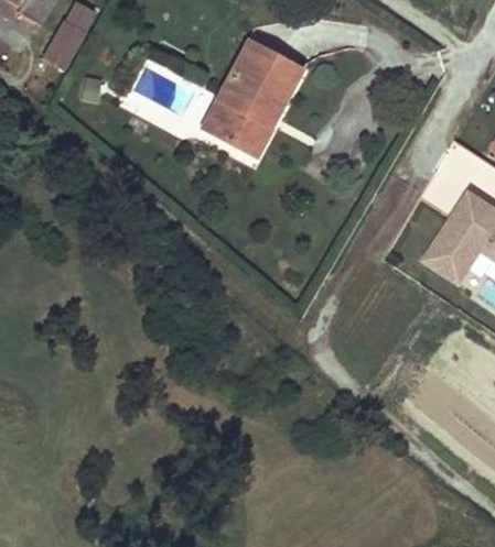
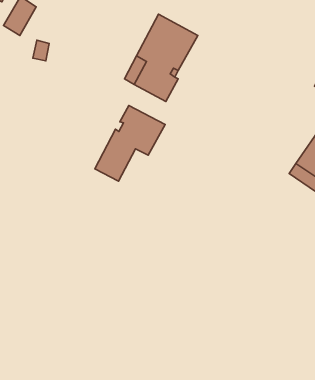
building: none -> [95,106,165,181]

